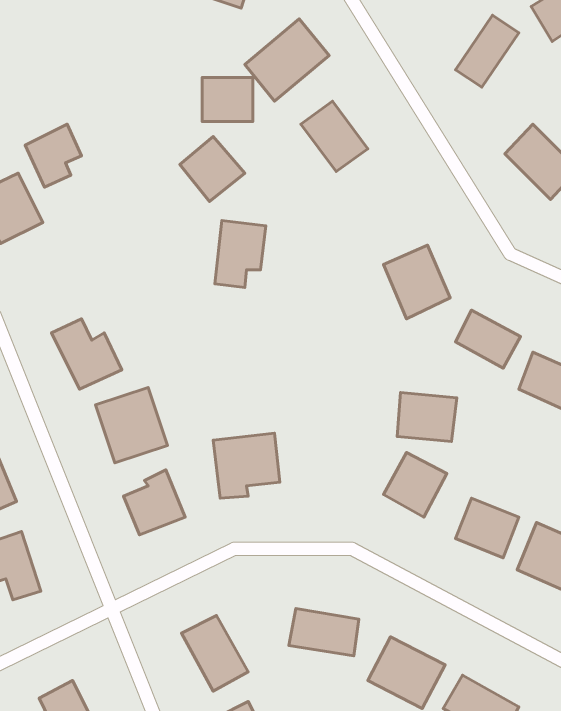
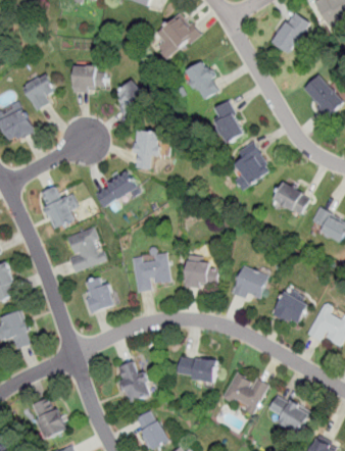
building: [202,78,253,121] -> [72,64,102,90]
building: none -> [211,101,245,142]
building: none -> [96,170,138,210]
building: [397,393,457,442] -> [184,260,218,289]

